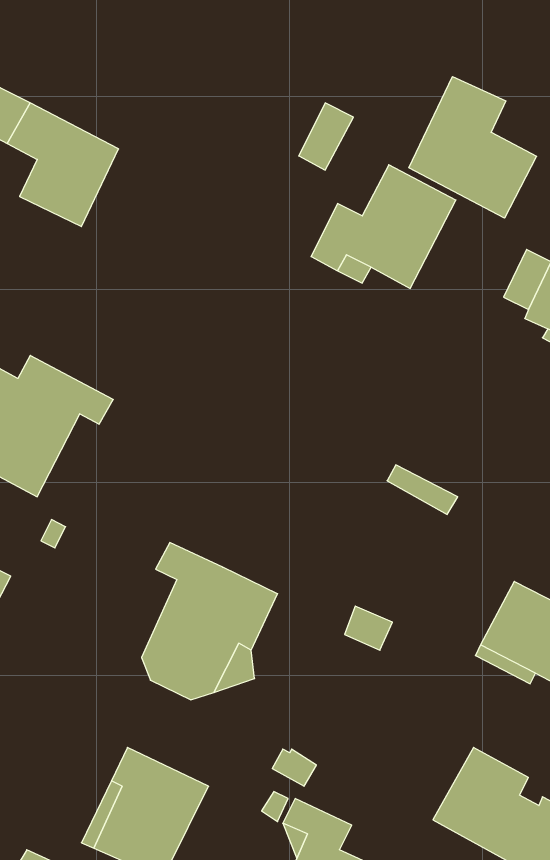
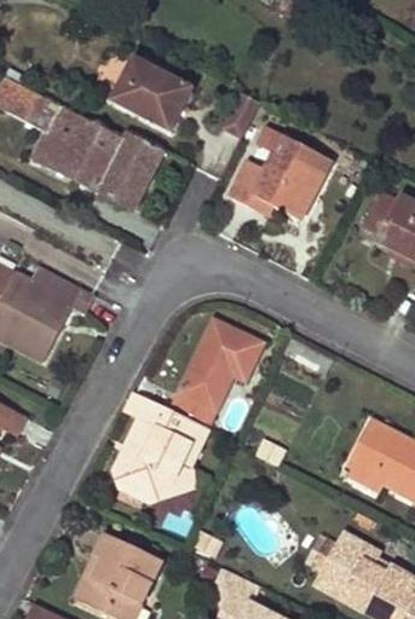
building: none -> [110,56,194,133]
building: [409,77,537,218] -> none
building: none -> [74,123,160,207]
building: none -> [171,319,263,428]

